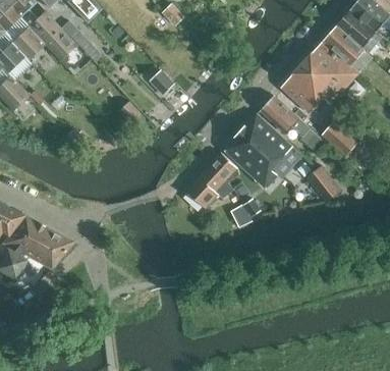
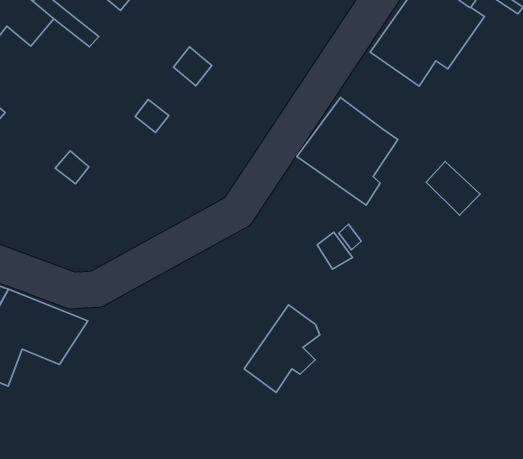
building: [259,96,310,137] -> none
building: [321,123,355,156] -> none
building: [185,152,238,209] -> [244,305,320,392]

